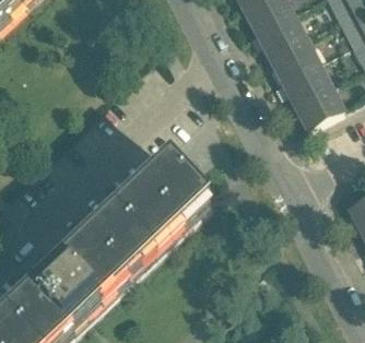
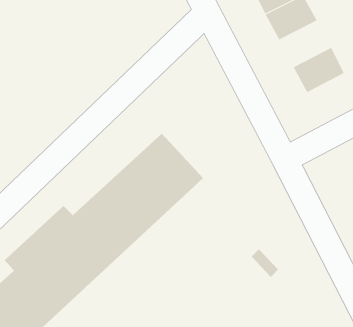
building: [276,55,326,98] -> none

